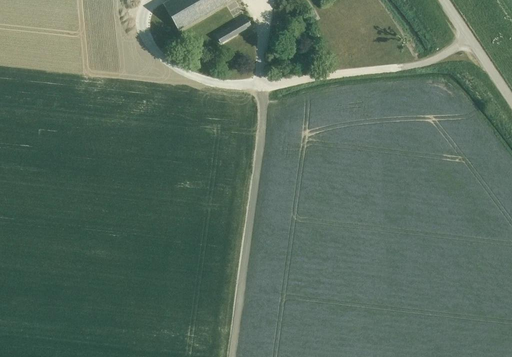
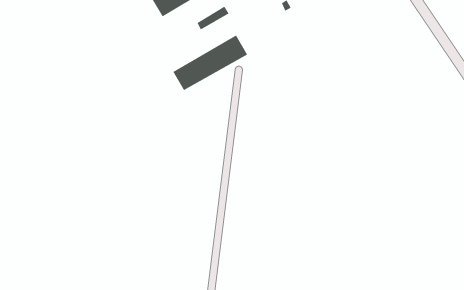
building: none -> [172,34,248,91]

